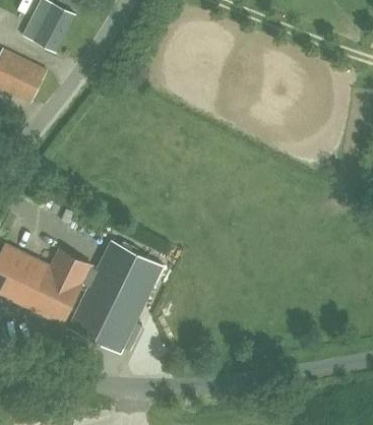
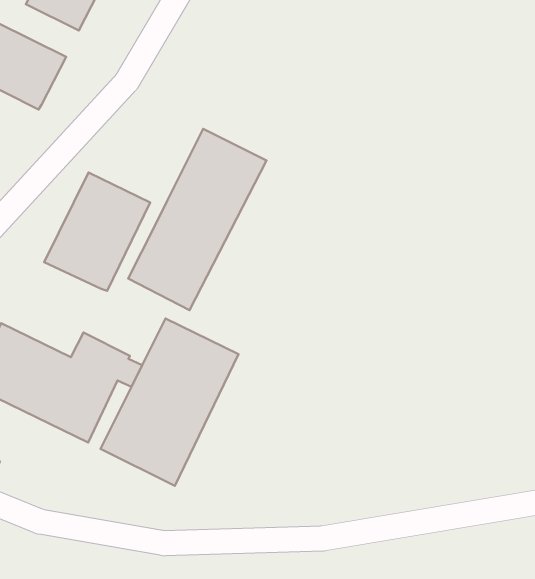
building: none -> [128,129,266,310]
building: none -> [44,173,150,291]

